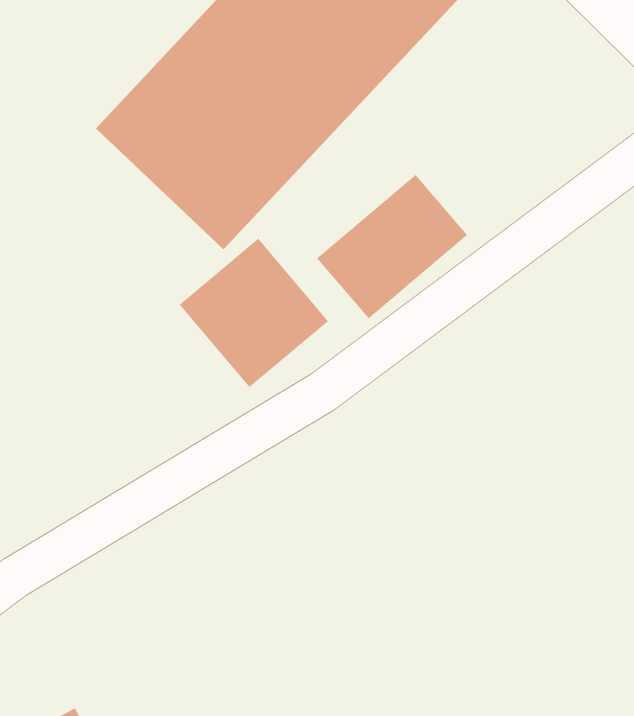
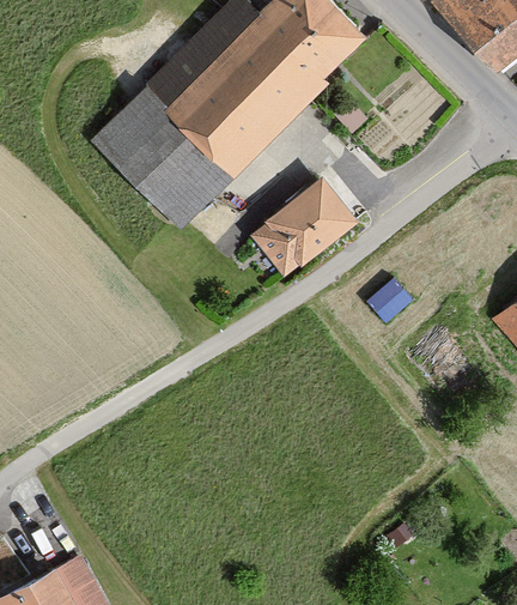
building: [179,238,329,388] -> none

